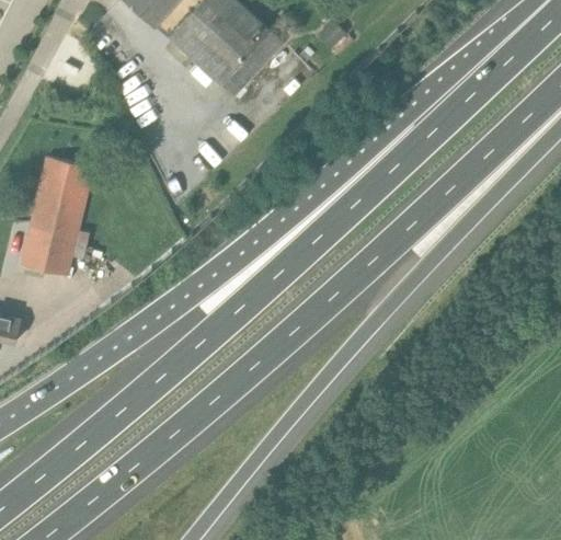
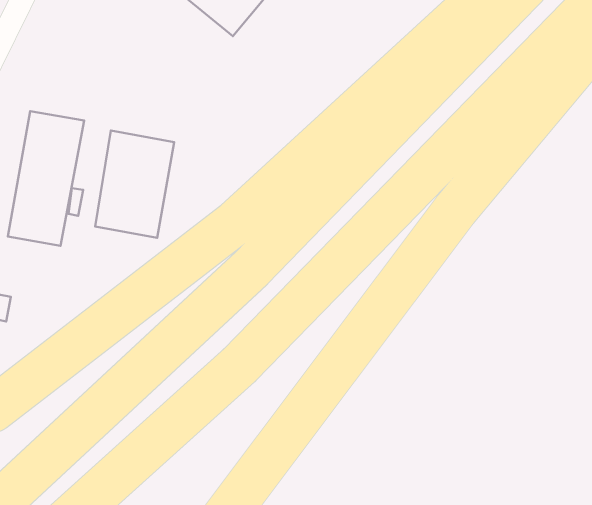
building: none -> [95,130,174,238]

